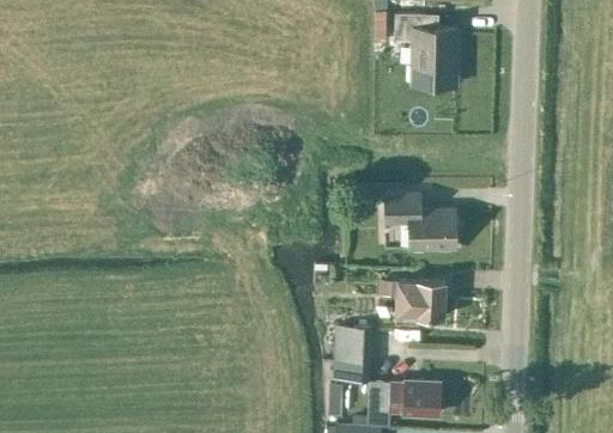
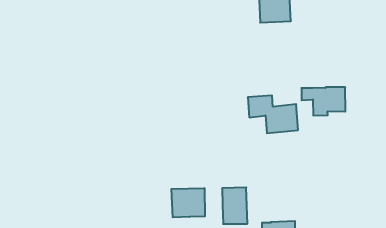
building: [380,279,445,322] -> [301,87,345,116]
building: none -> [171,188,205,217]

